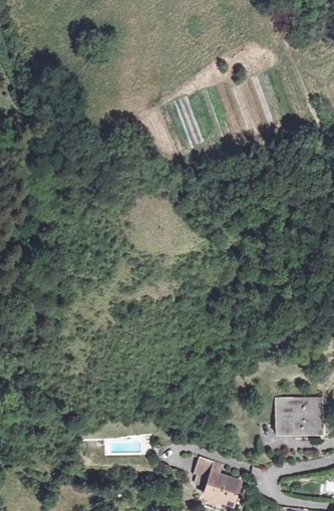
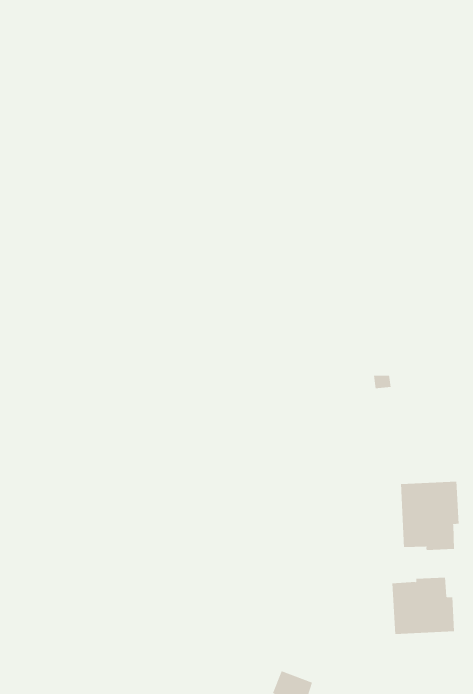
building: none -> [401,481,459,551]

